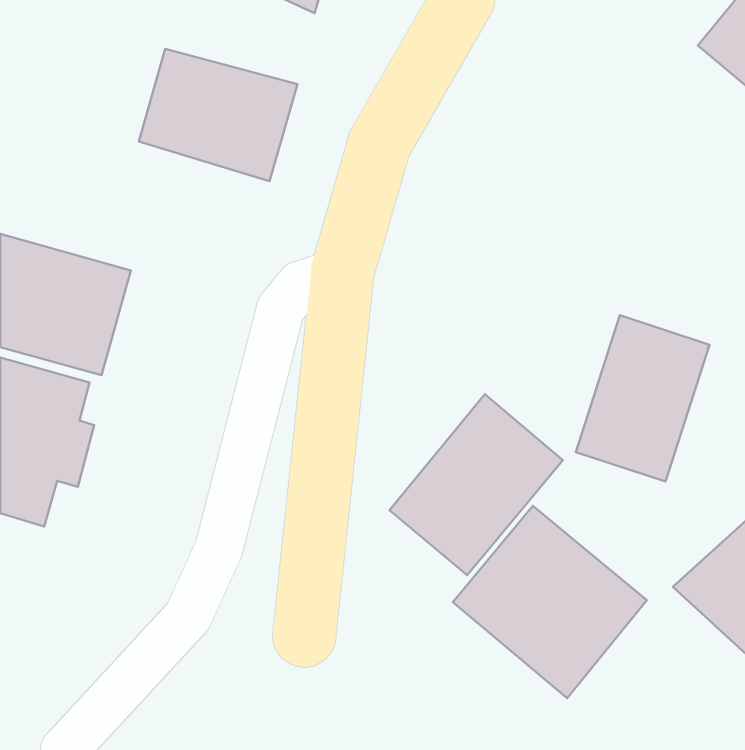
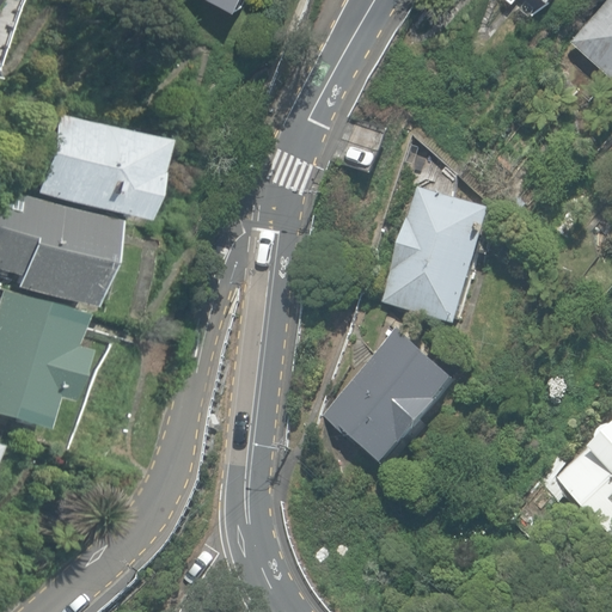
building: [139,49,298,181] -> [32,114,161,221]
building: [576,315,710,481] -> [384,183,492,318]
building: [453,506,647,698] -> none

